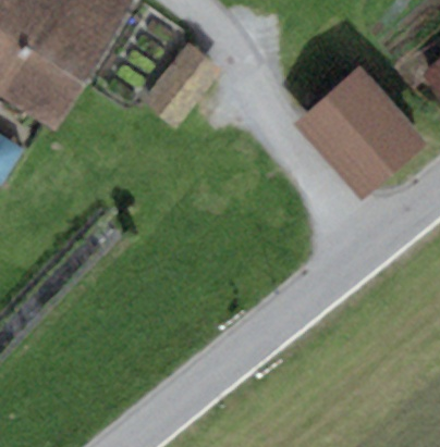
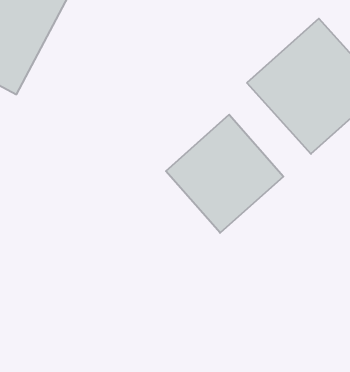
building: none -> [166,115,283,233]

